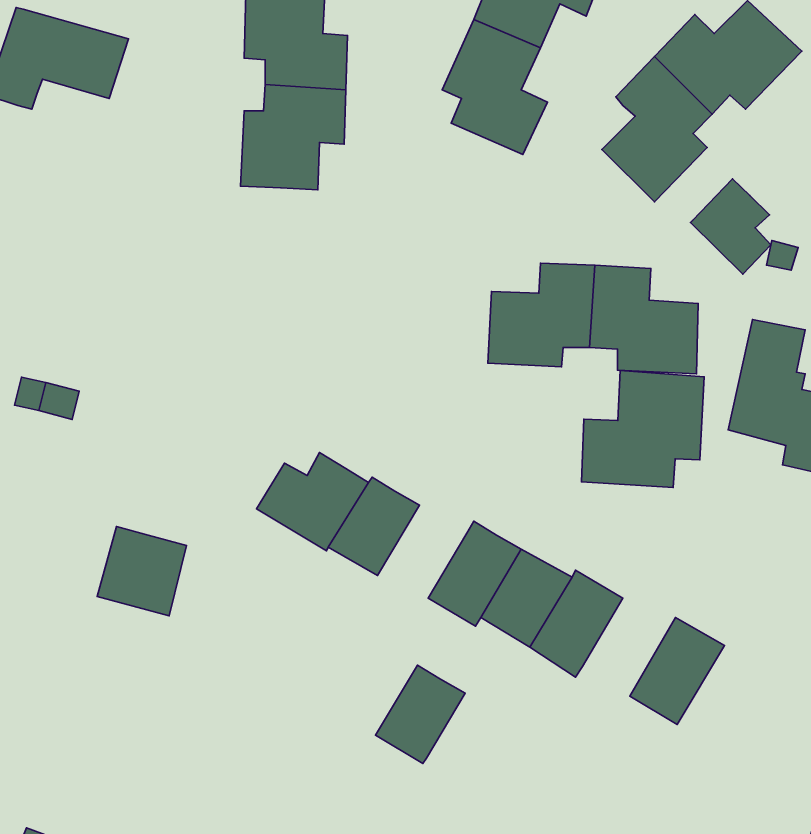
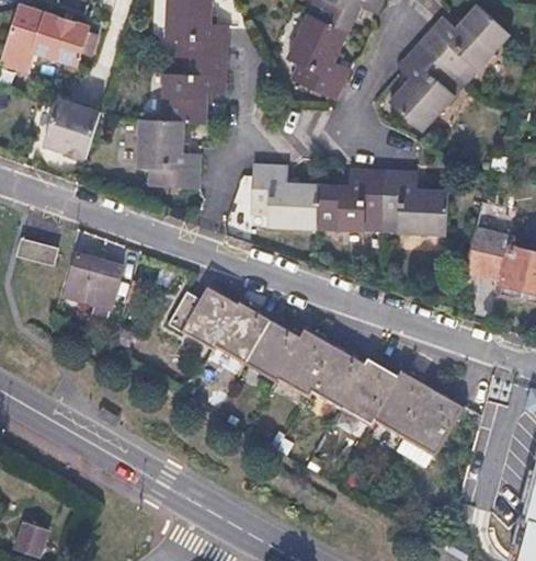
building: none -> [43,95,101,161]
building: [690,179,771,274] -> none
building: none -> [137,118,199,186]
building: none -> [250,163,317,230]
building: [582,370,704,488] -> none
building: [97,526,187,616] -> [67,253,123,309]
building: none -> [374,371,432,438]
building: [376,665,465,763] -> [246,319,301,380]

